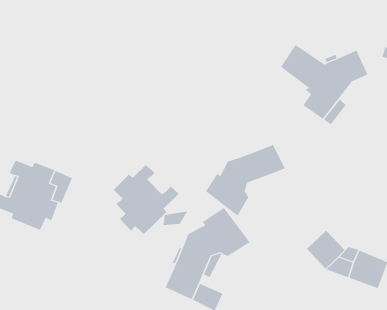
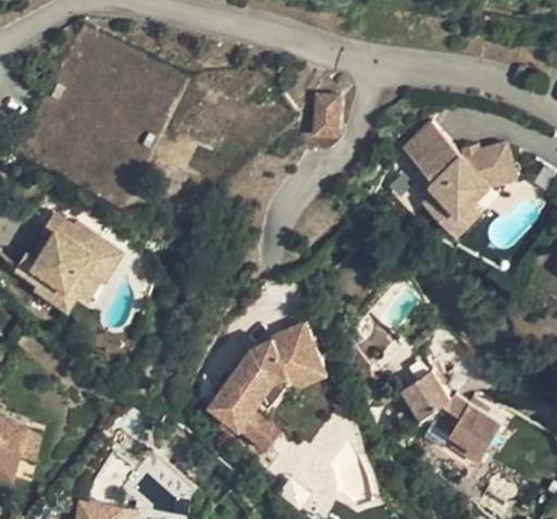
building: none -> [310,88,336,129]
building: [205,144,285,217] -> none
building: [113,164,180,235] -> none

